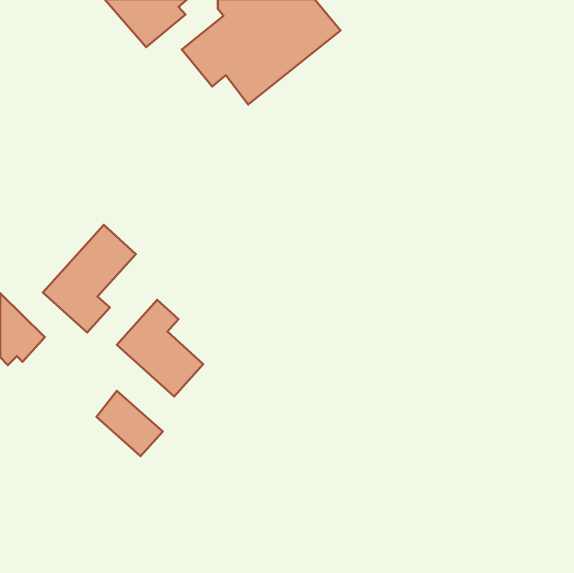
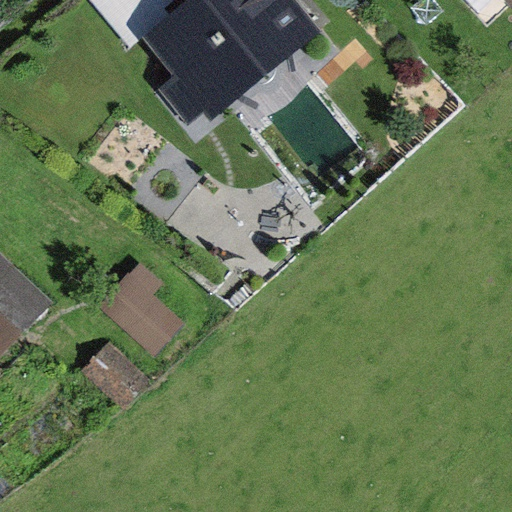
building: [43,225,136,333] -> none

